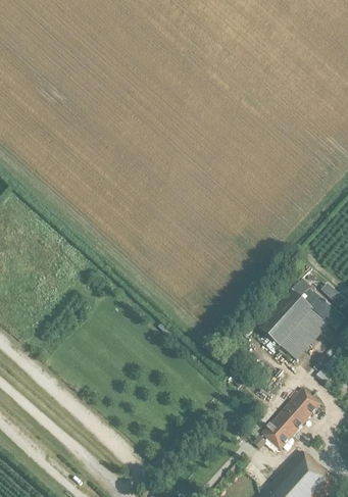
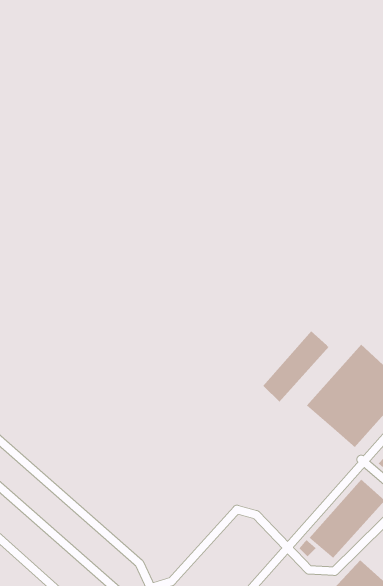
building: none -> [262,330,330,403]

